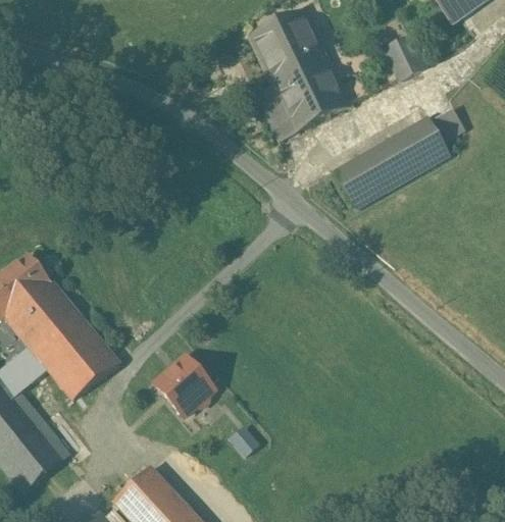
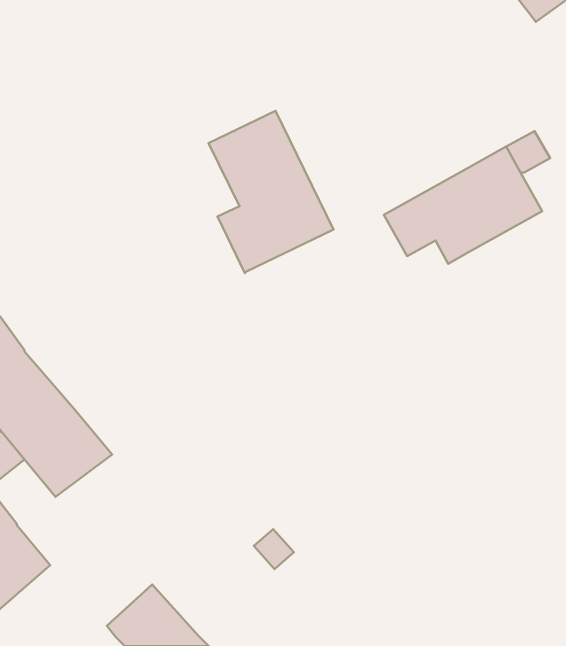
building: [249,9,348,138] -> [209,111,334,273]
building: [385,35,423,77] -> none
building: [154,355,213,414] -> none

